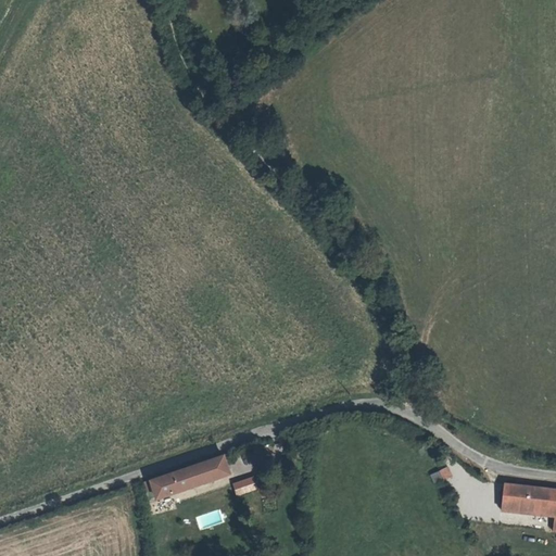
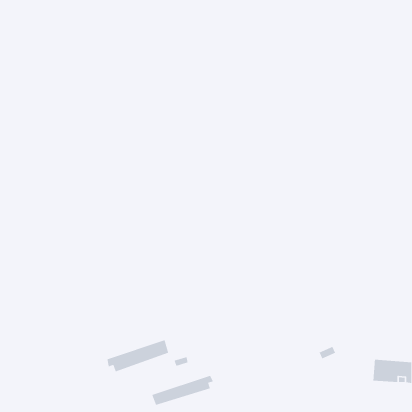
building: none -> [151,375,214,406]

